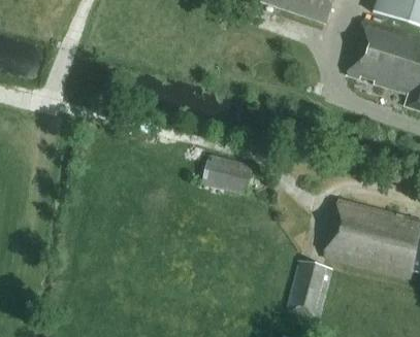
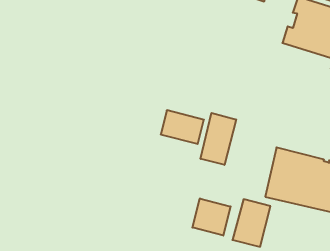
building: none -> [201,113,236,165]
building: none -> [192,198,231,236]

